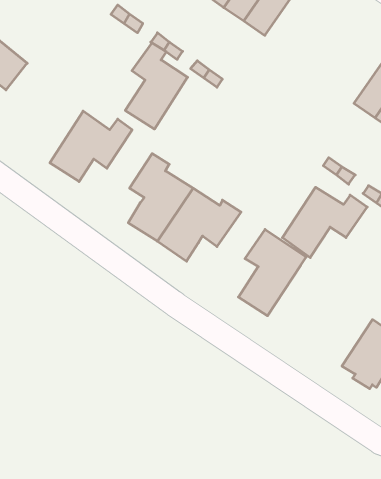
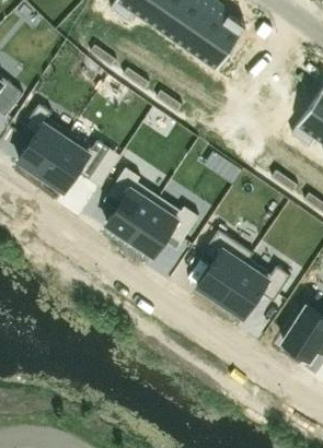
building: [125,43,188,129] -> [18,105,69,176]
building: [282,187,367,258] -> [221,260,291,318]

